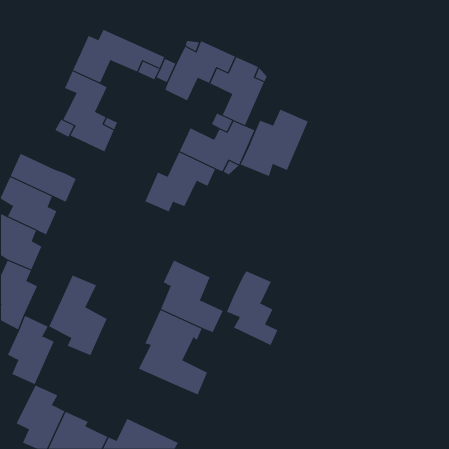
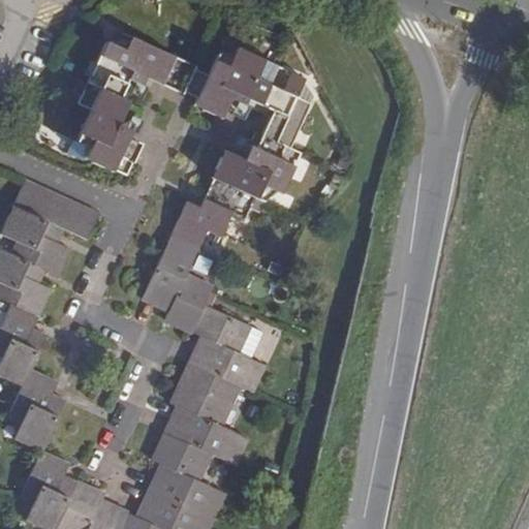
building: [240,109,308,177] -> none
building: [226,270,278,346] -> none
building: [48,275,107,356] -> [143,237,212,332]
building: none -> [150,433,223,520]

